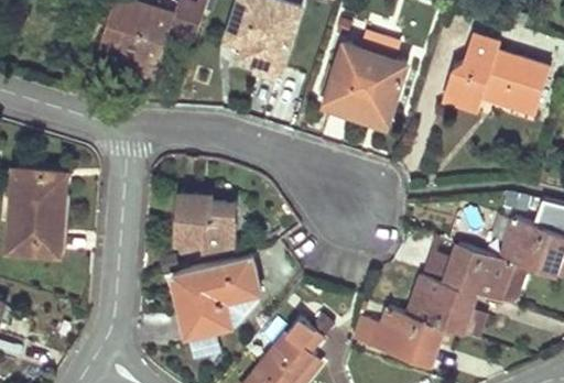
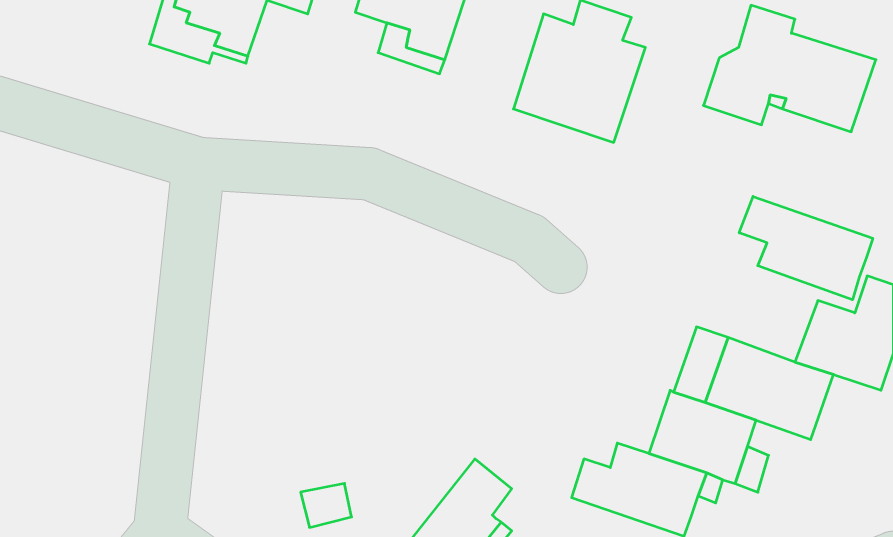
building: none -> [739,196,873,300]
building: [8,168,62,252] -> none
building: [176,193,235,243] -> none
building: [171,255,262,335] -> none

